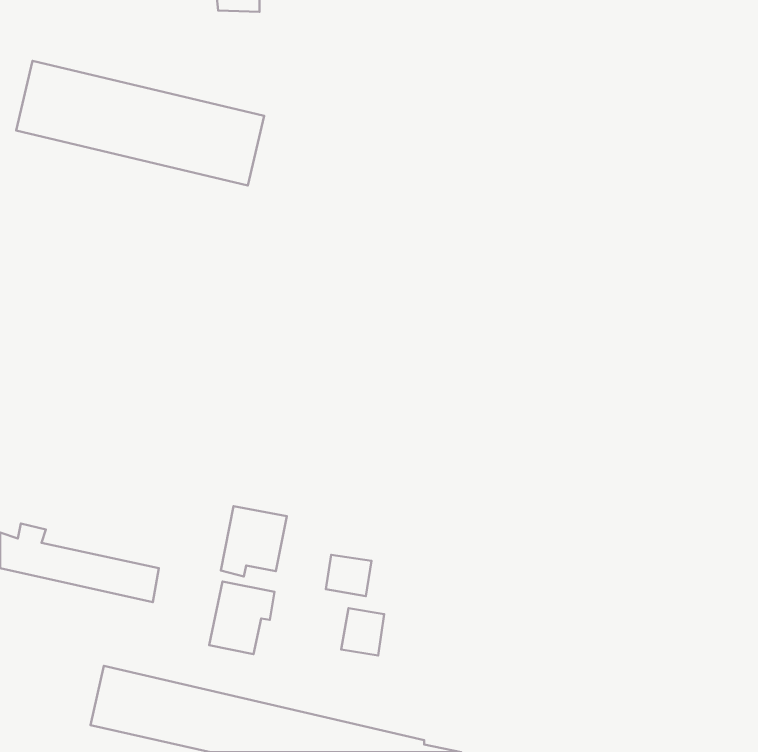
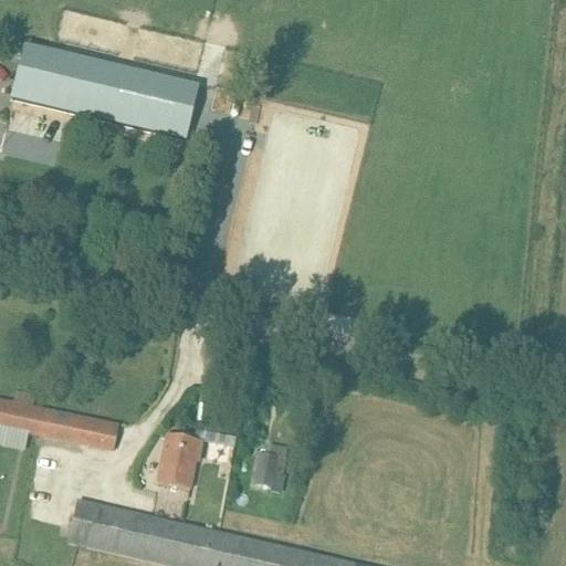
building: [221,506,287,577] -> none
building: [326,555,371,596] -> none

